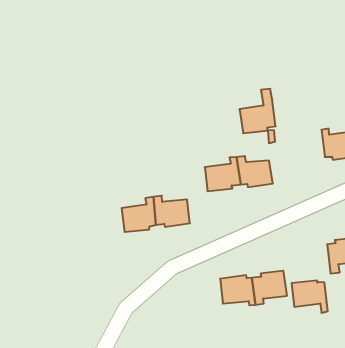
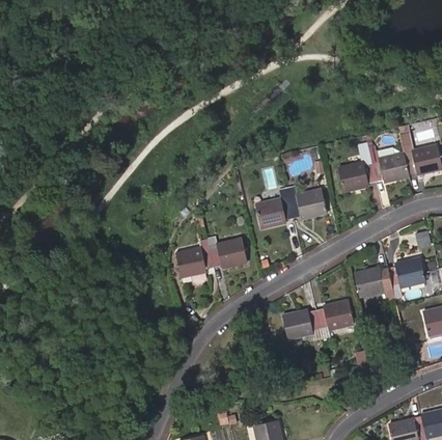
building: [239,89,276,133] -> [337,143,376,191]
building: [292,281,328,313] -> [354,268,393,300]

